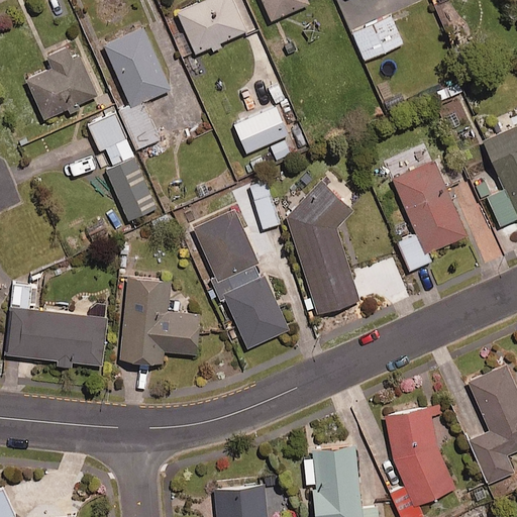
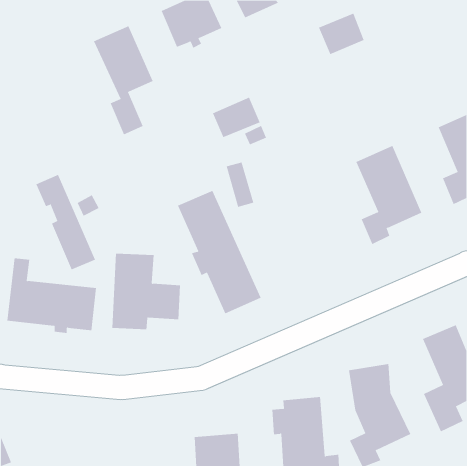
building: [26,49,97,120] -> none
building: [90,115,157,221] -> [36,174,96,270]
building: [288,183,359,315] -> none

